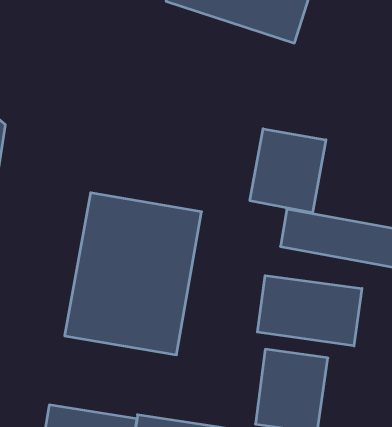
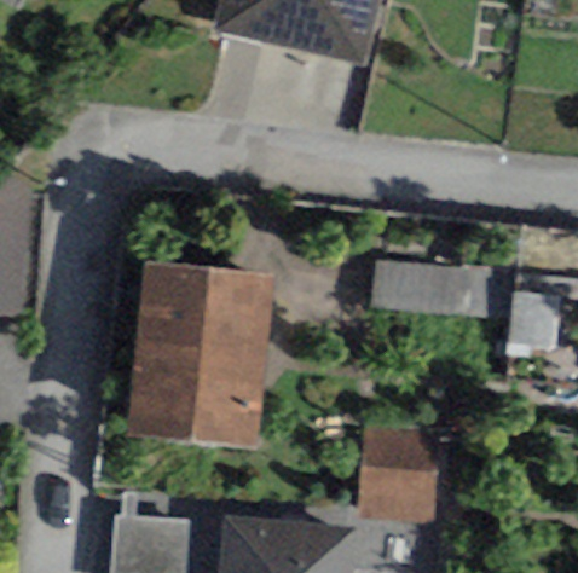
building: [250,129,326,213] -> none
building: [257,276,362,346] -> none

